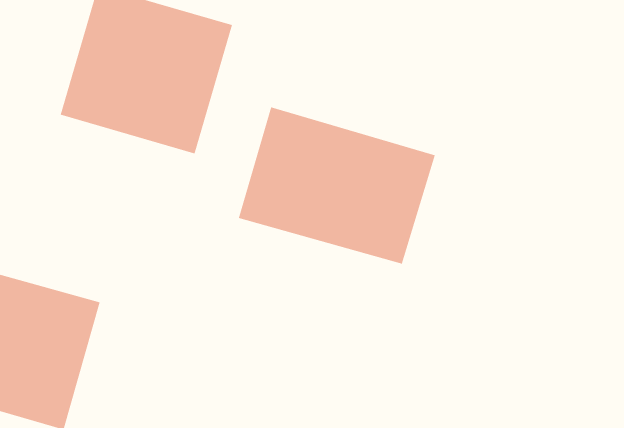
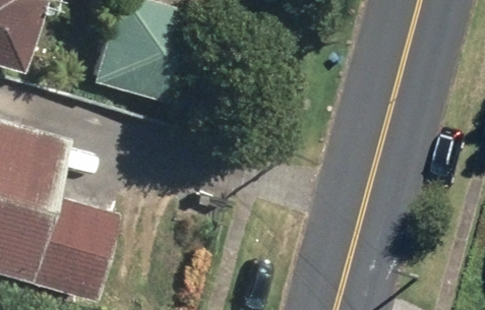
building: [238,107,435,265] -> none

